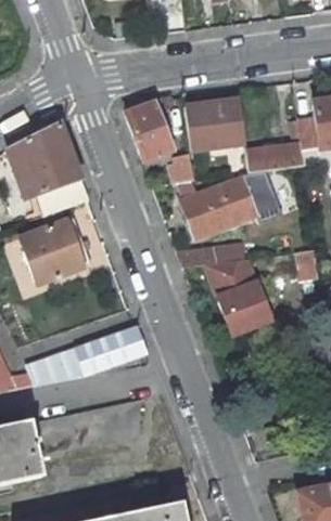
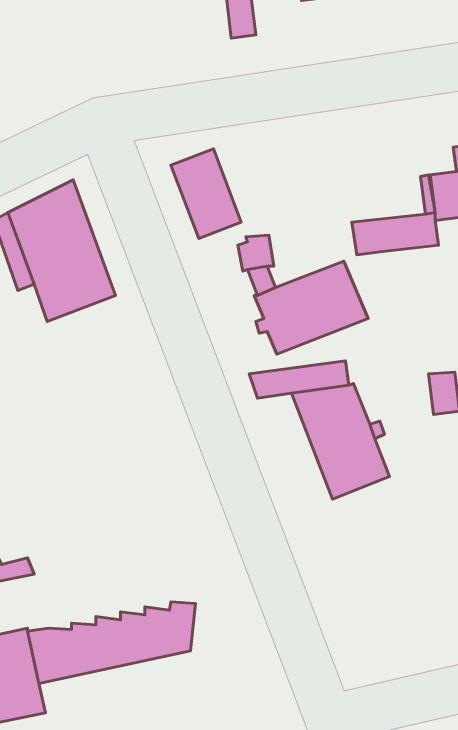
building: [184,99,244,148] -> none
building: [239,169,282,222] -> none
building: [20,219,91,283] -> none
building: [25,326,145,383] -> none

